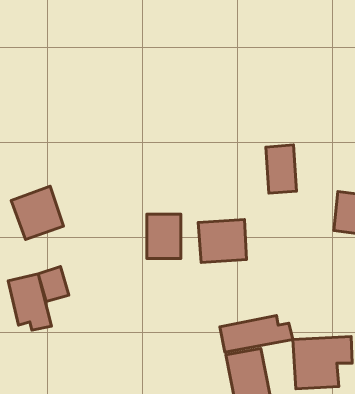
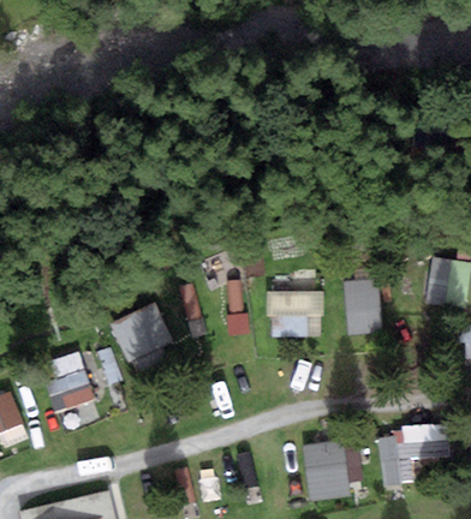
building: [266,145,297,193] -> [342,278,378,334]
building: [11,186,63,239] -> [112,303,173,365]
building: [220,315,293,352] -> none

